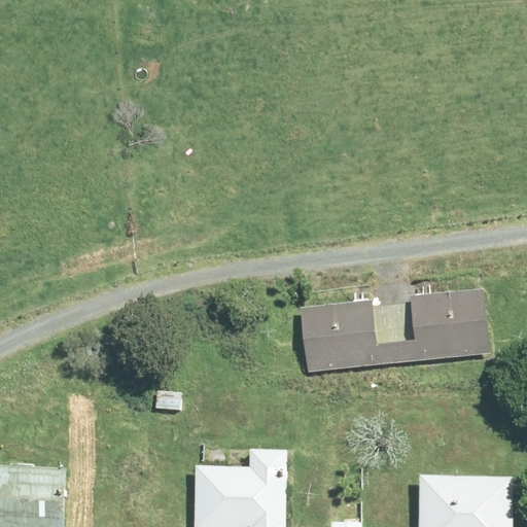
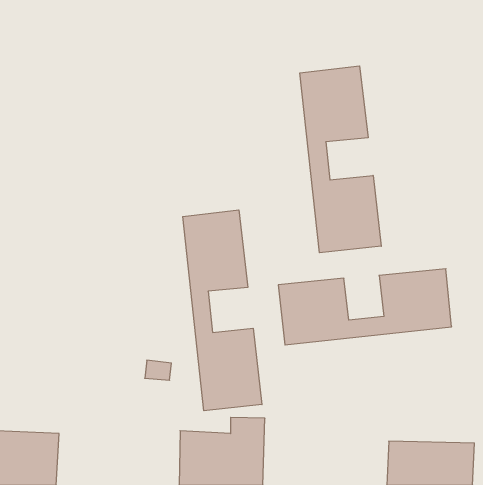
building: none -> [300,66,381,253]
building: none -> [183,210,262,411]

